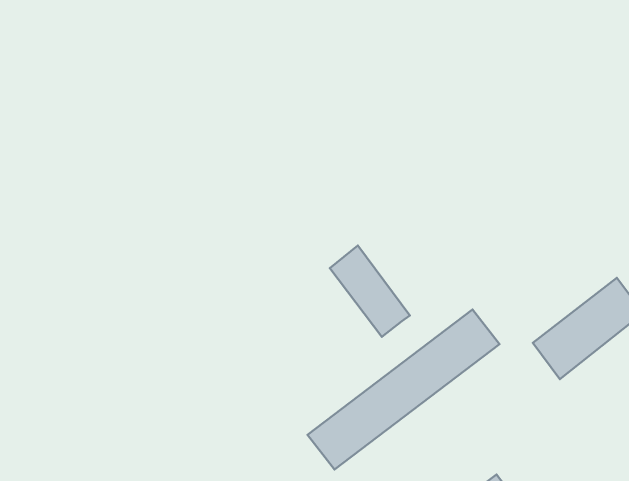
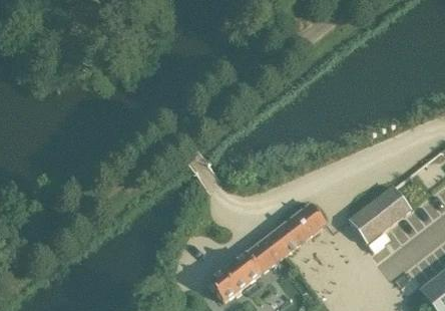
building: [330,246,410,337] -> none

